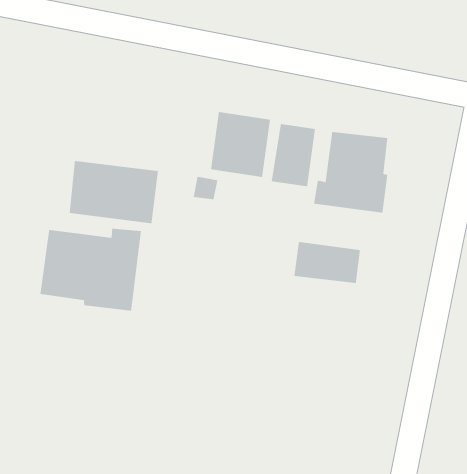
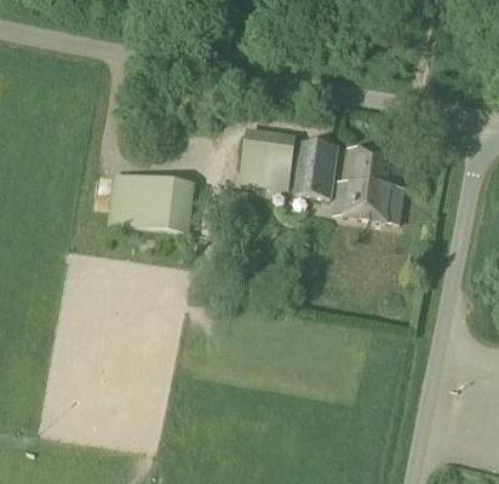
building: [40,228,141,311] -> none
building: [294,241,360,284] -> none

